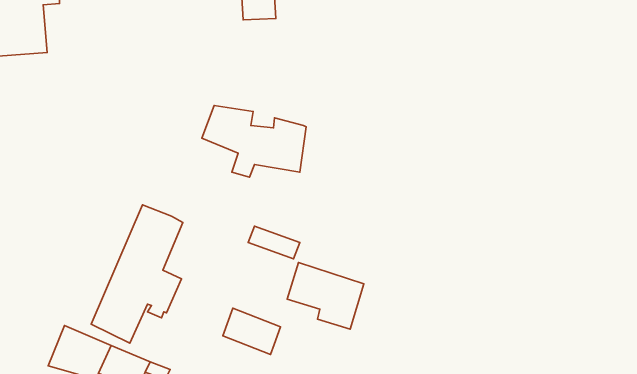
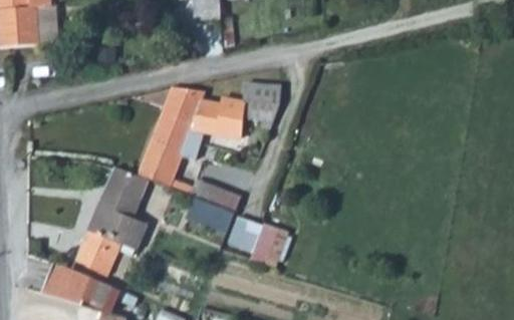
building: none -> [243,83,280,129]
building: none -> [138,112,200,188]
building: [223,308,281,355] -> [187,198,233,235]

